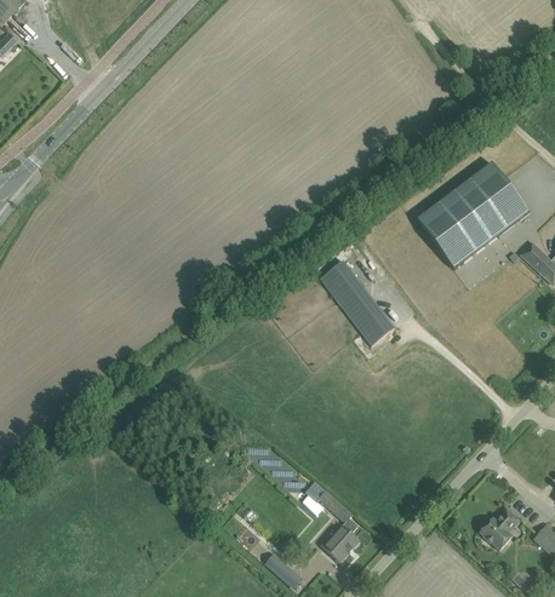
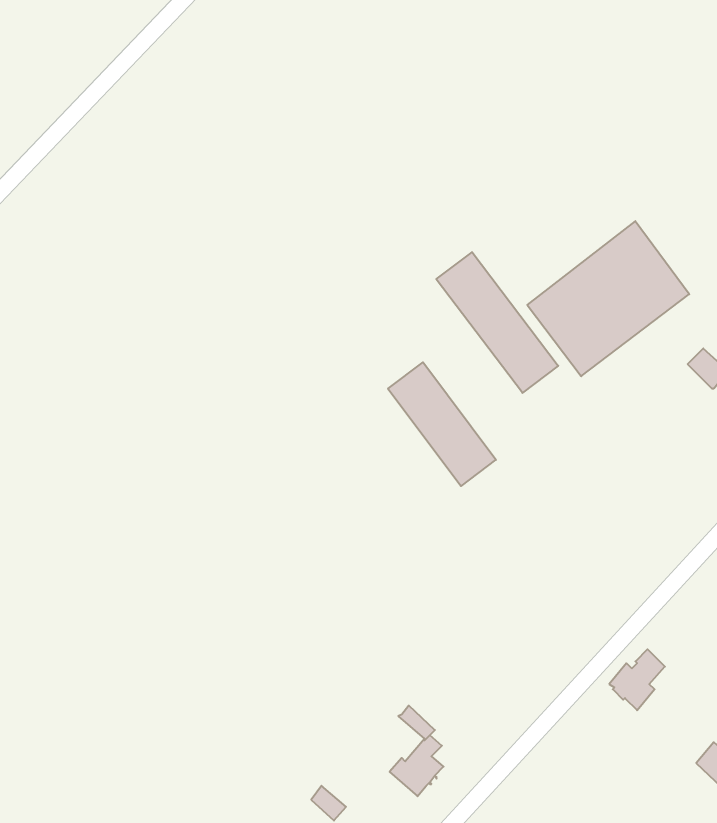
building: none -> [436,252,558,393]
building: [480,507,519,550] -> [609,649,665,710]

